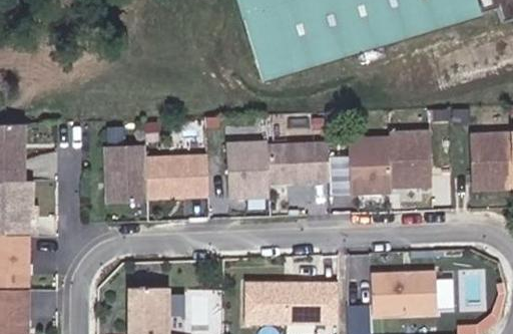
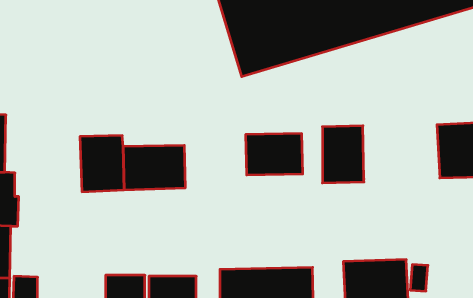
building: [388,129,430,189] -> none
building: [223,139,270,201] -> none

